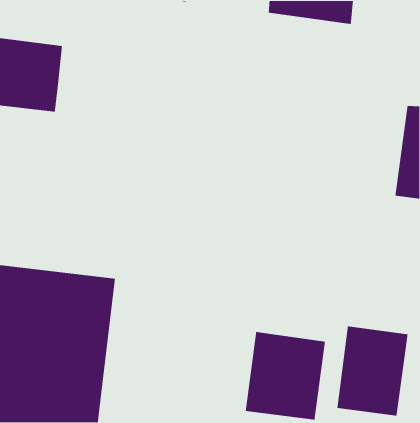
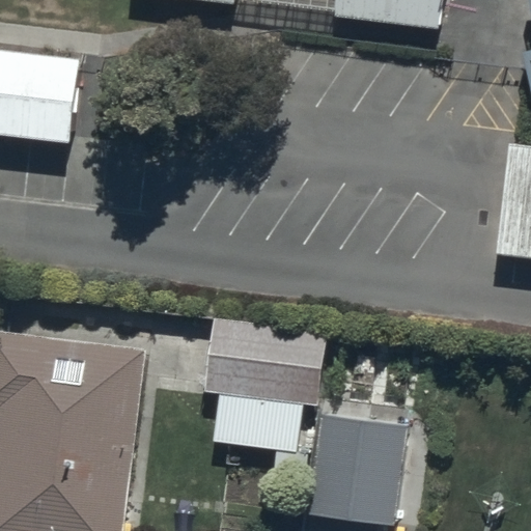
building: none -> [207,320,328,484]
building: [336,326,408,417] -> none

